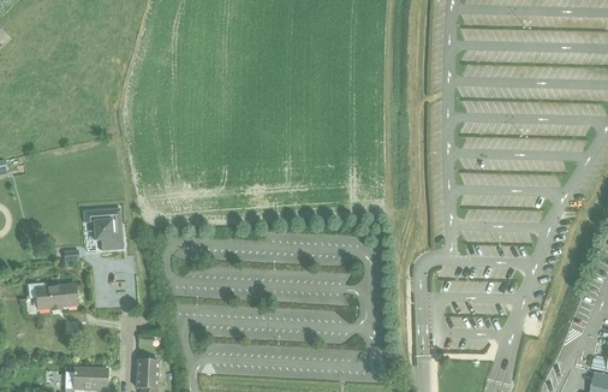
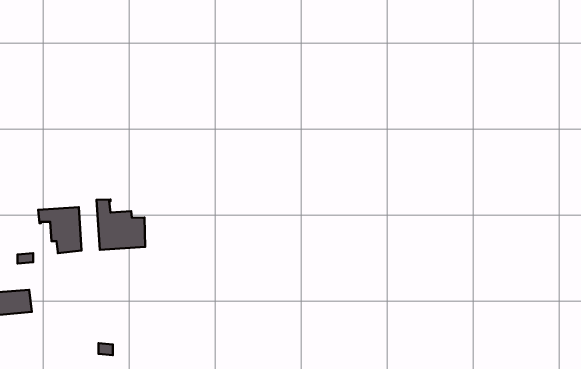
building: none -> [97,199,145,250]

